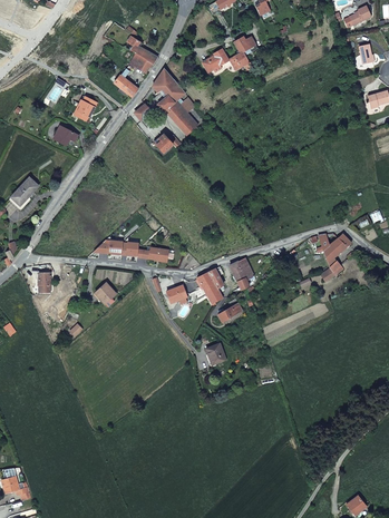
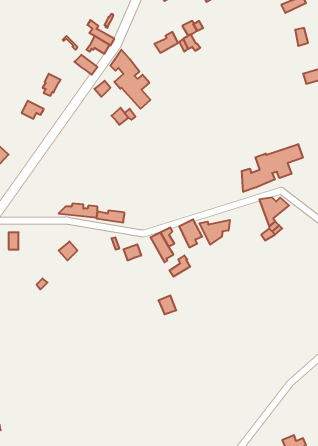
building: none -> [242,144,303,192]
building: none -> [200,220,230,245]

